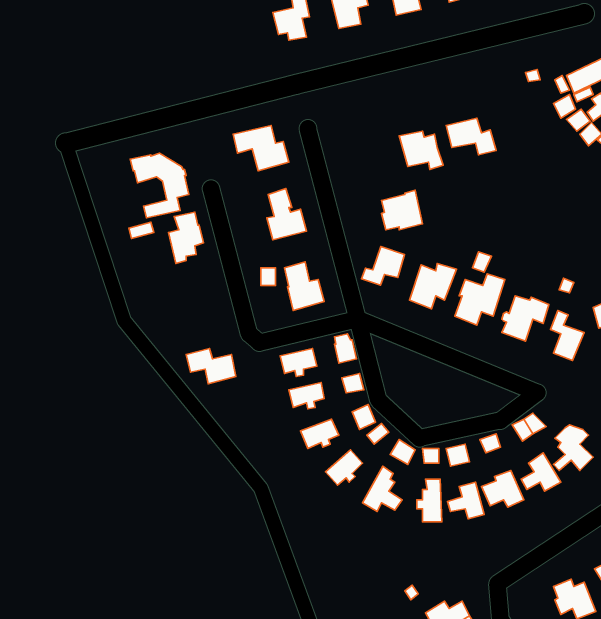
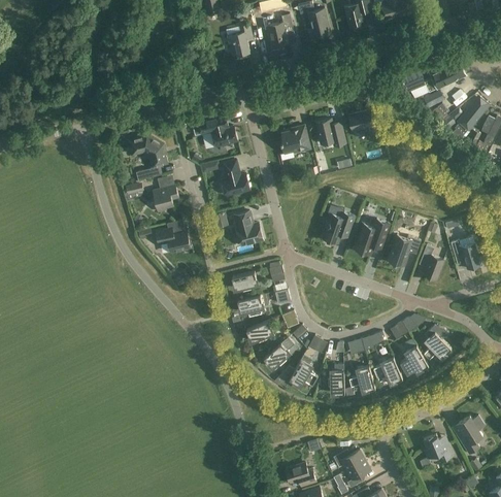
building: [381,190,423,230] -> [280,125,309,153]
building: [362,246,405,285] -> none
building: [186,349,236,384] -> [155,227,190,252]

